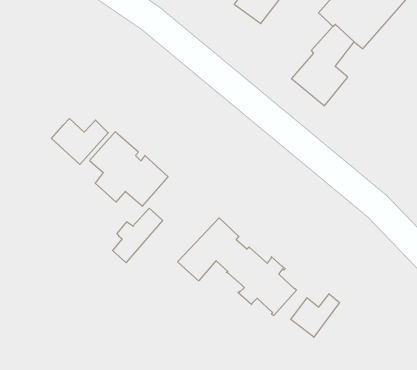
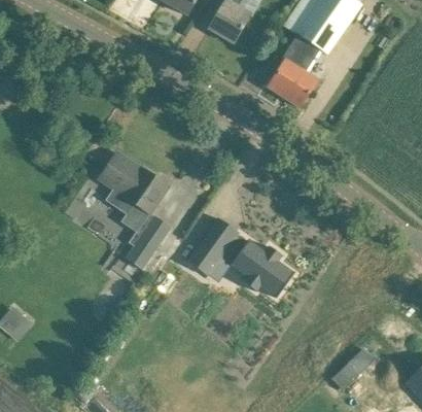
building: [51,119,108,164] -> none
building: [291,294,339,337] -> none

